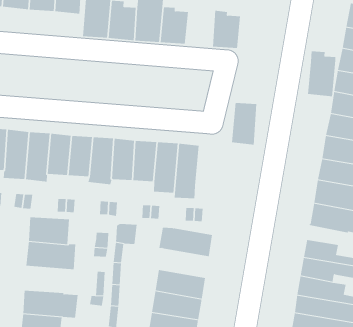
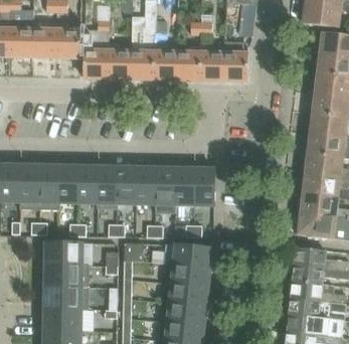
building: none -> [176,46,200,79]
building: [307,51,336,97] -> [223,40,247,80]
building: [231,103,257,145] -> [193,169,214,206]
building: none -> [164,264,209,288]
building: none -> [44,287,89,310]

